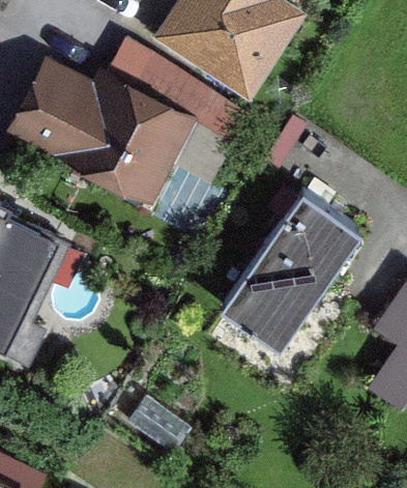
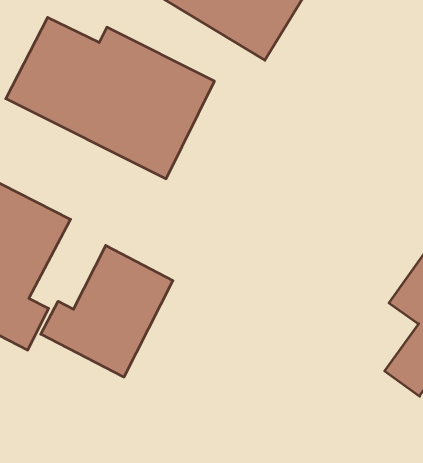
building: [220,189,362,347] -> none
building: none -> [41,245,173,377]

